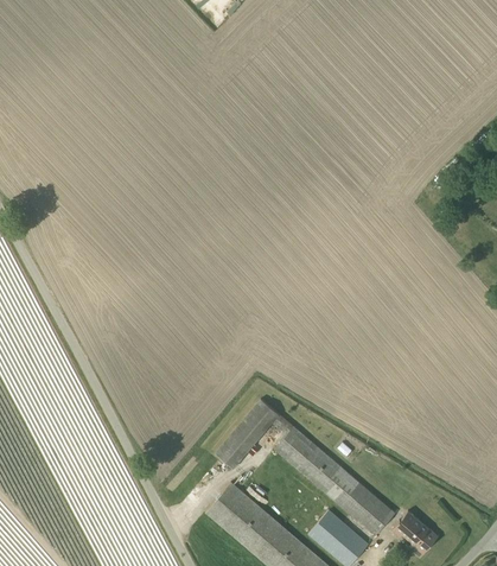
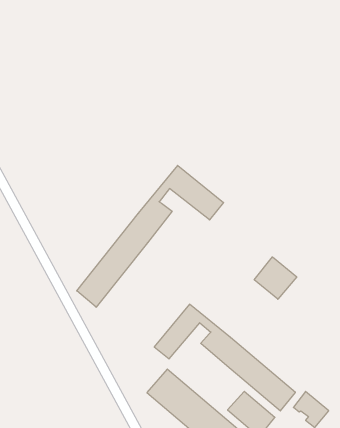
building: none -> [77,165,224,307]
building: none -> [254,257,297,299]

